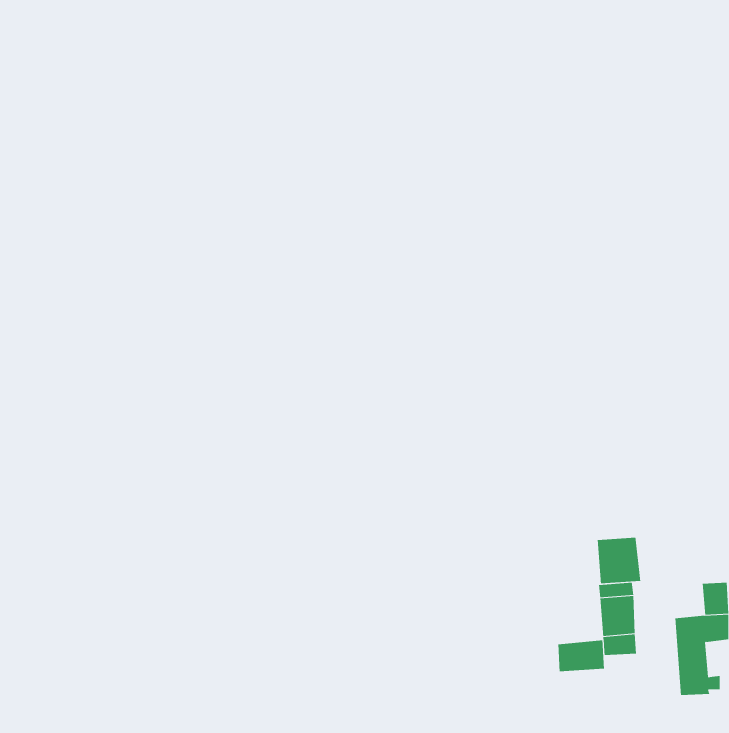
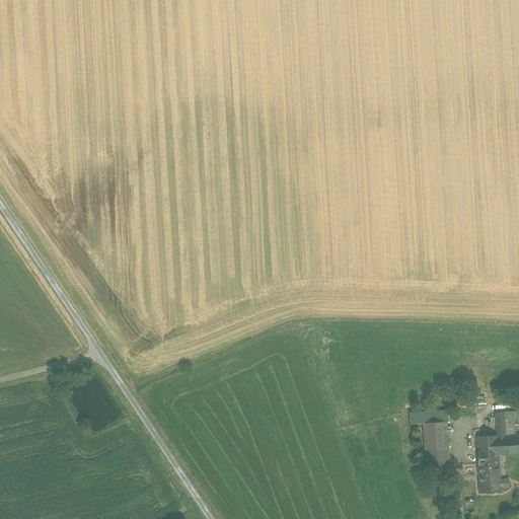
building: [597,537,641,584] -> none
building: [558,640,604,672] -> none

